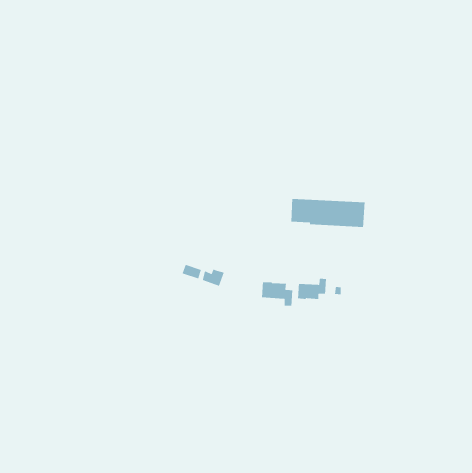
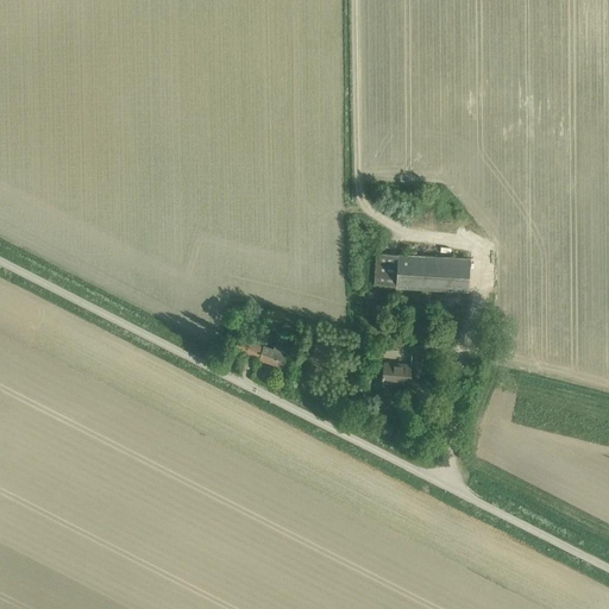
building: [261,281,293,306] -> none

